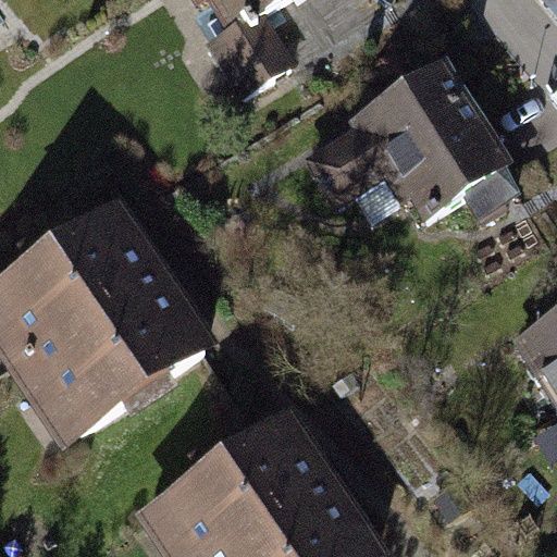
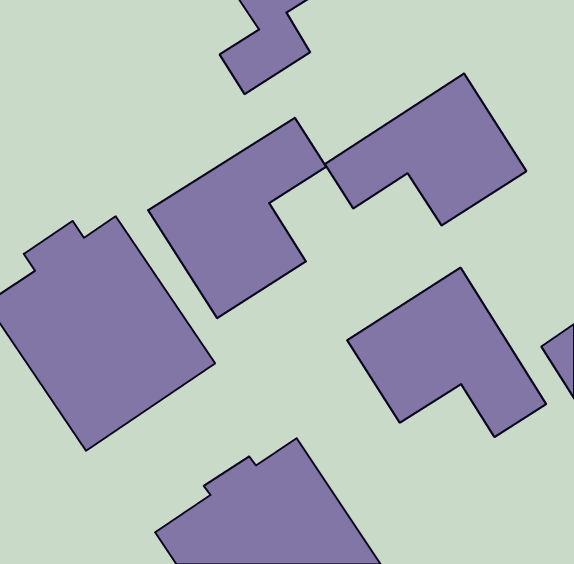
building: none -> [148,118,326,318]
building: none -> [347,268,546,437]

